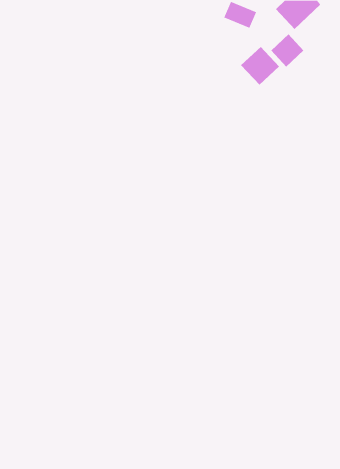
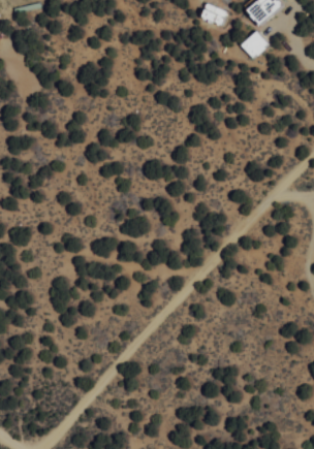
building: [240,46,280,86] -> none

